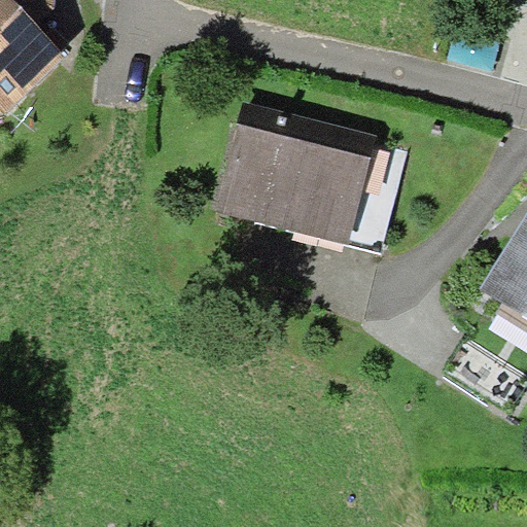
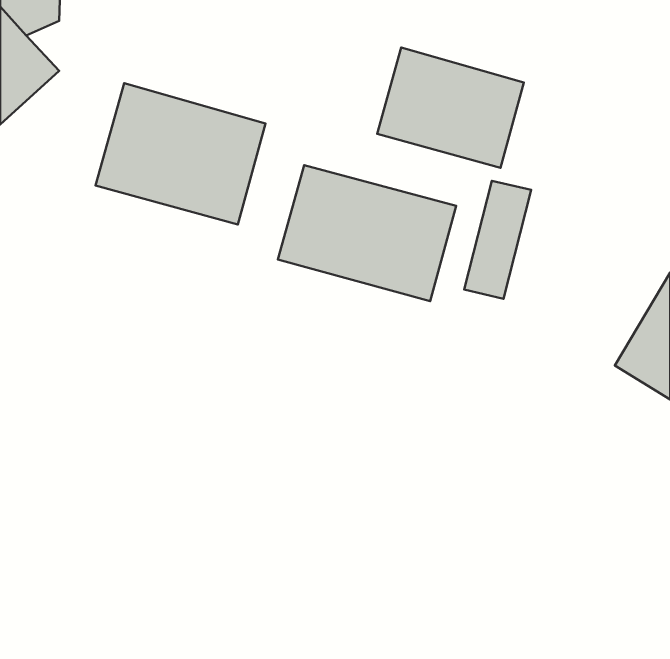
building: none -> [377,47,524,168]
building: none -> [96,83,266,225]

